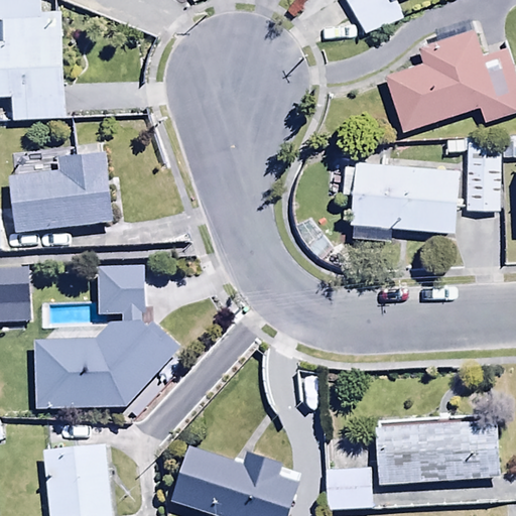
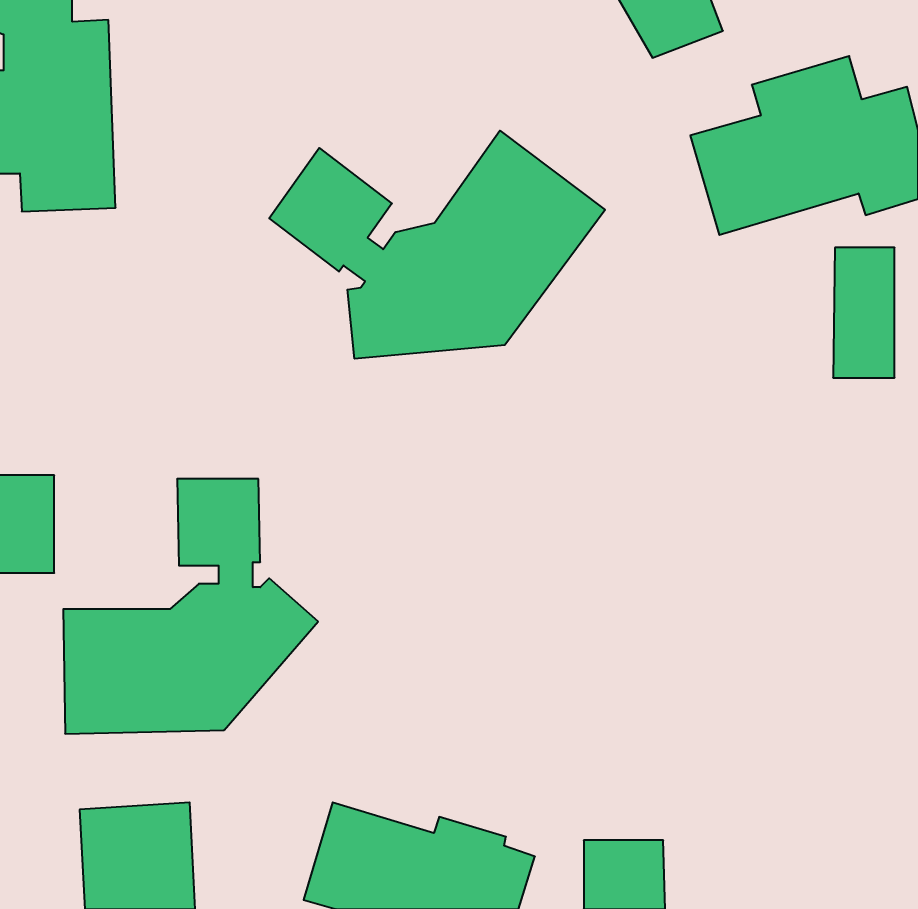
building: none -> [269,131,605,359]
building: [9,149,113,232] -> none
building: [343,163,461,232] -> none
building: [375,411,504,486] -> none

